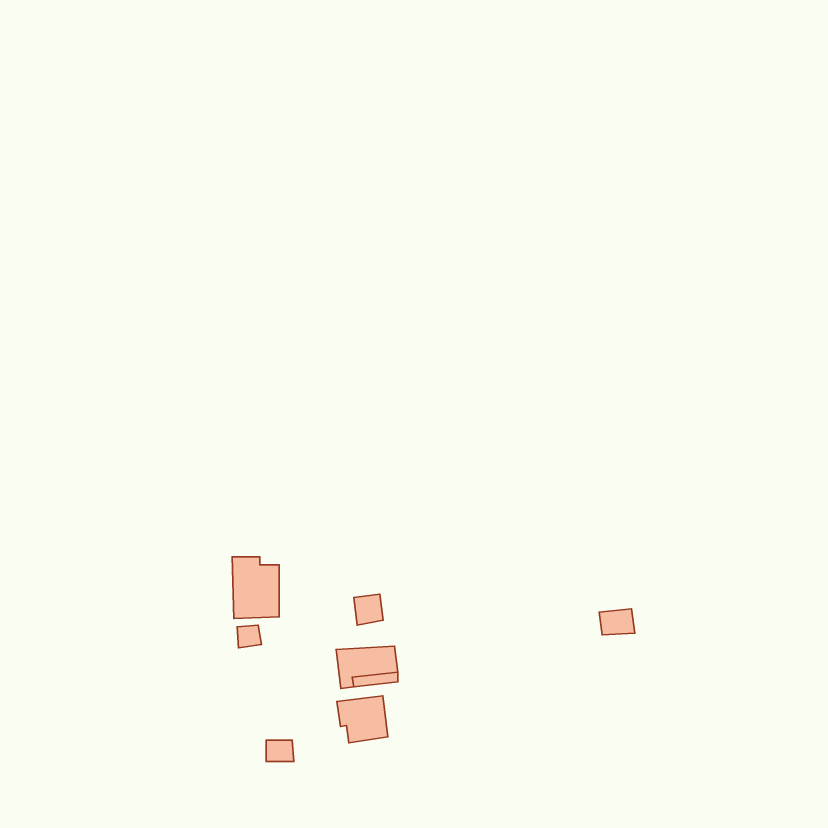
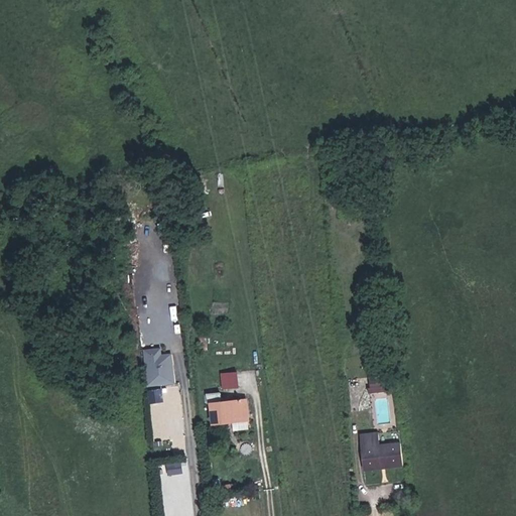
building: [337,696,388,743] -> none
building: none -> [359,440,400,465]

